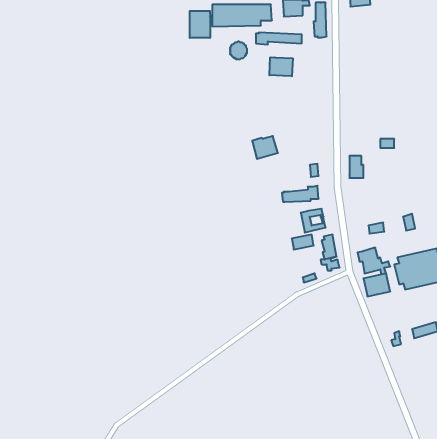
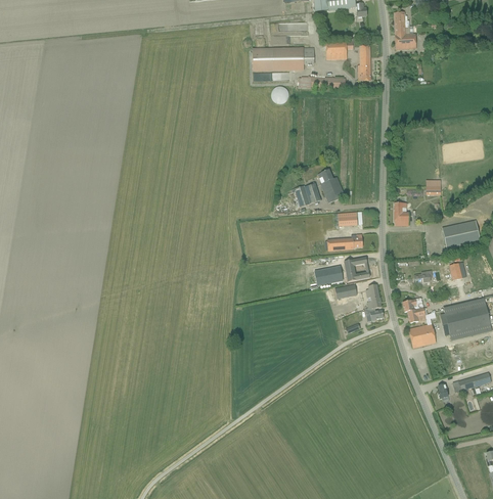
building: [190,11,210,38] -> none
building: [269,57,293,76] -> none
building: none -> [317,169,345,202]
building: none -> [442,220,480,248]
building: none -> [314,266,342,285]

